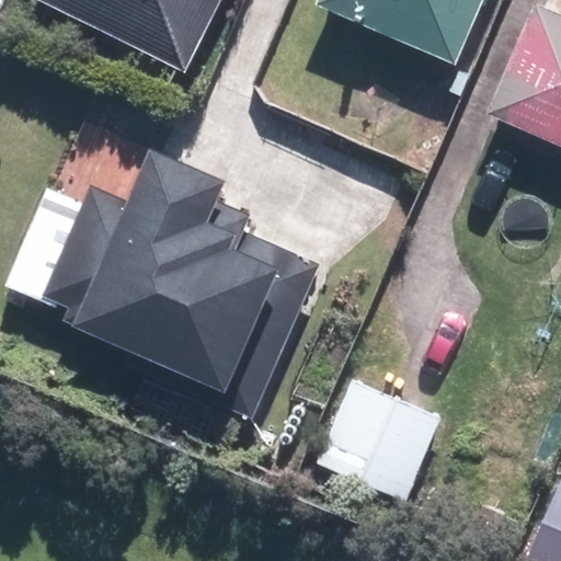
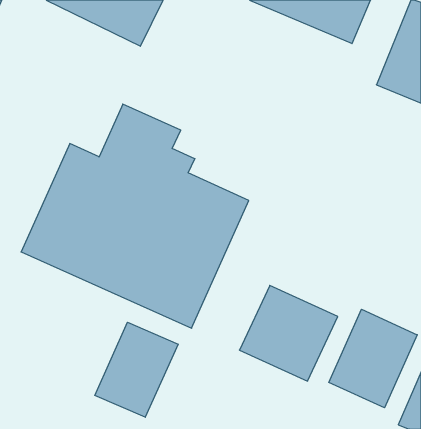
building: none -> [329,309,417,408]
building: none -> [95,322,178,417]

